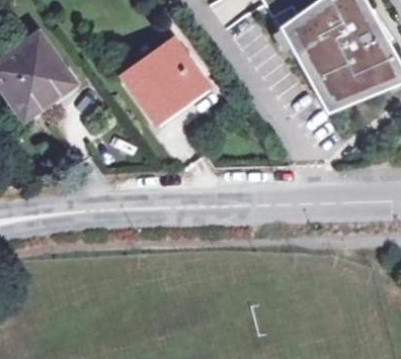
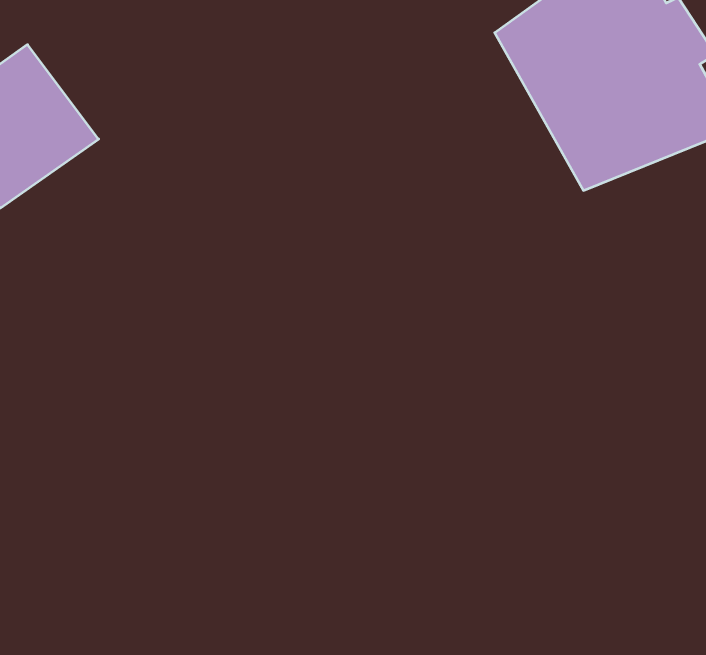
building: [127,43,205,121] -> none

